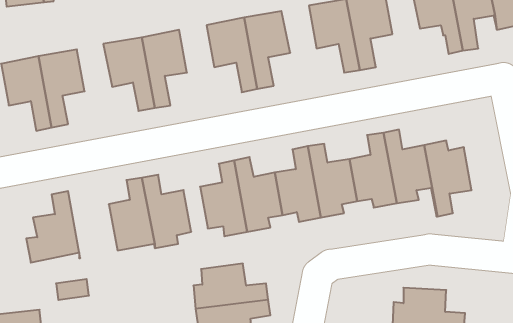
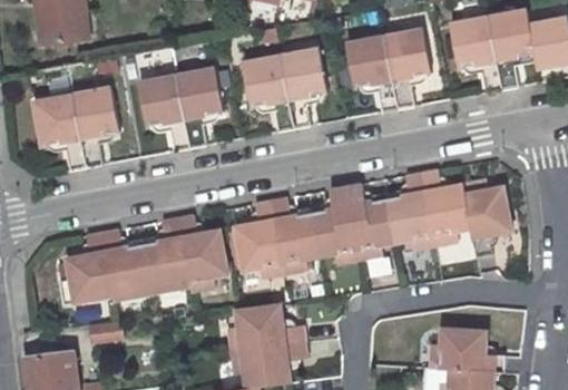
building: none -> [101,228,151,299]

